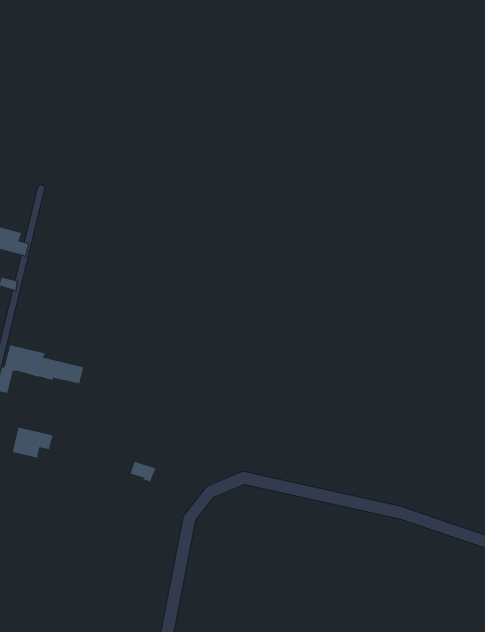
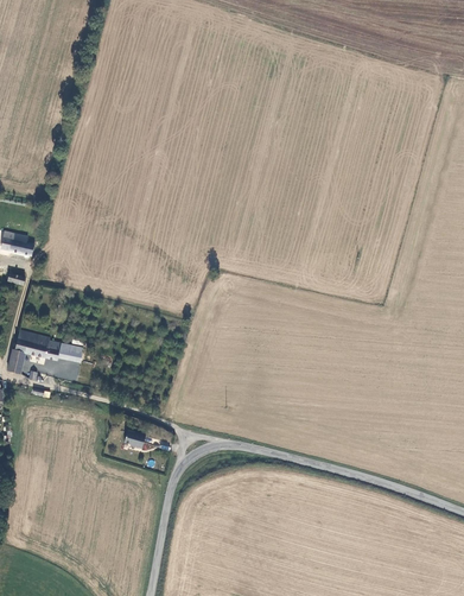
building: [12,427,53,458] -> none

